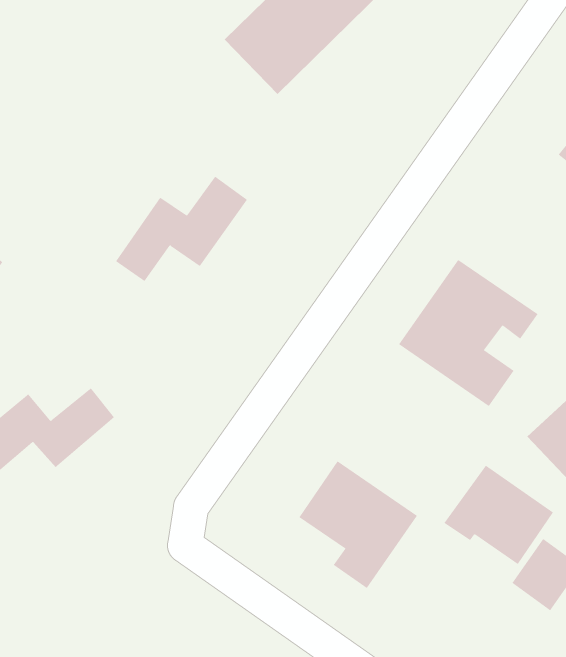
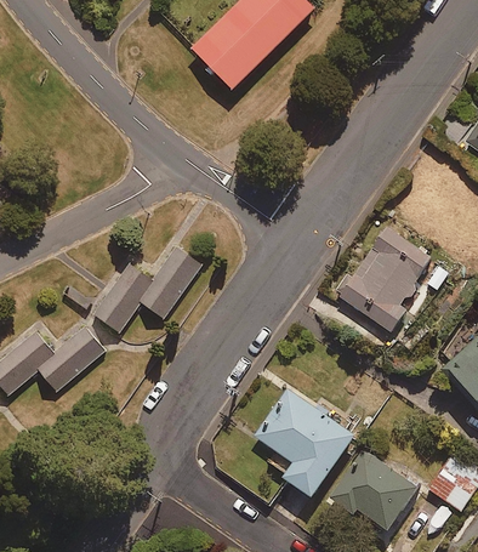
building: [115,176,248,282] -> [93,246,201,332]
building: [444,465,554,565] -> [328,446,417,528]

